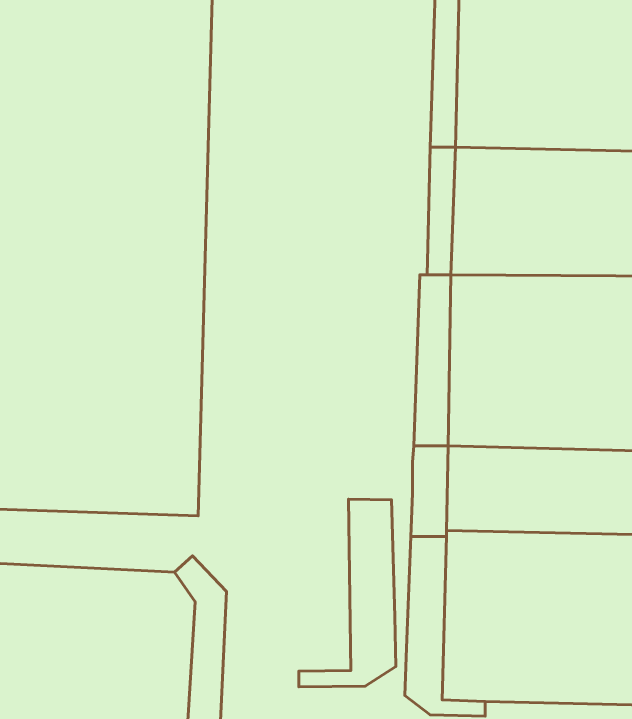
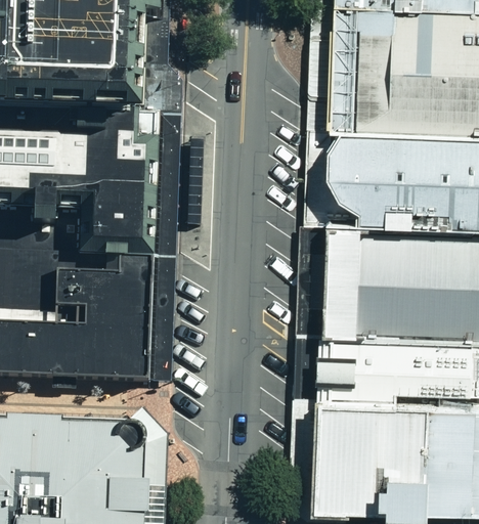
building: [299,499,396,687] -> none

